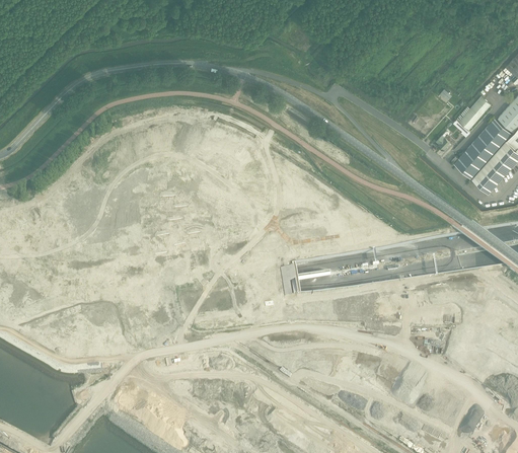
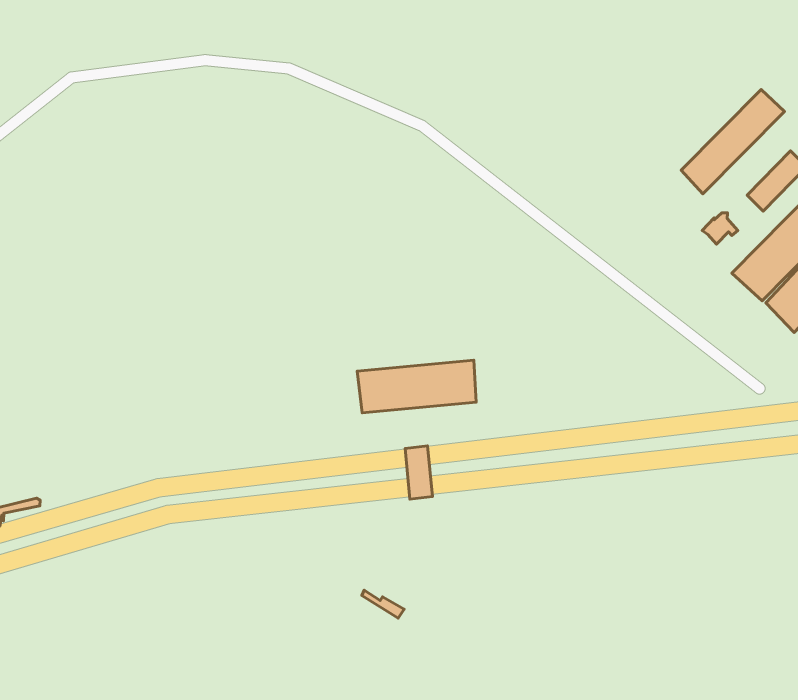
building: none -> [681,90,785,194]
building: none -> [357,360,476,413]

